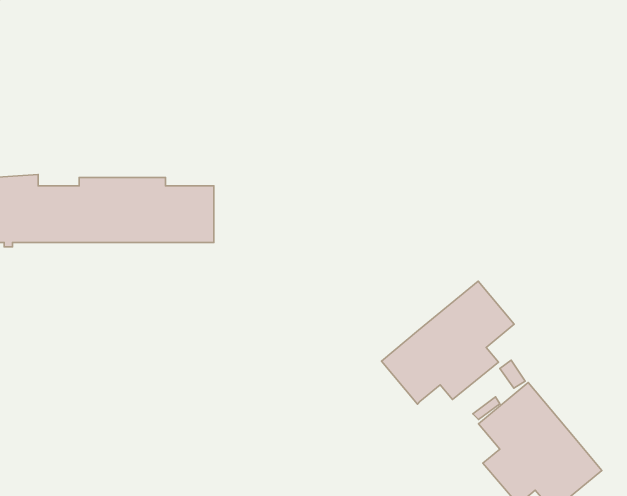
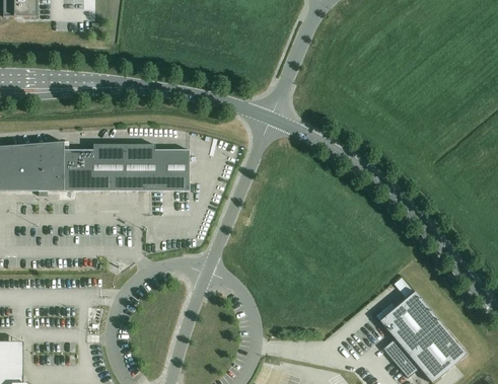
building: [381,281,514,404] -> none

